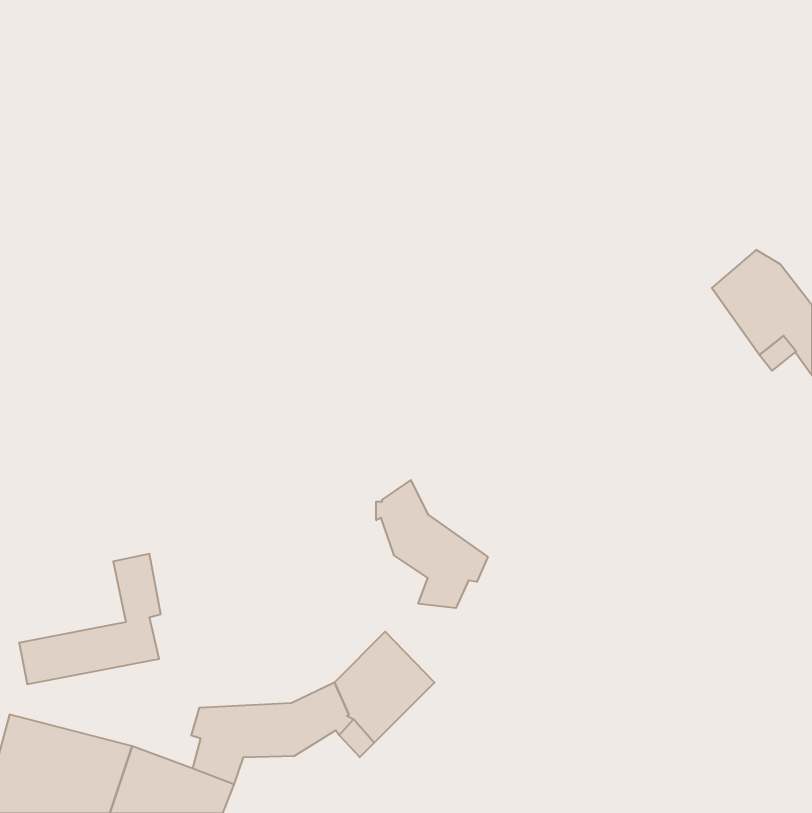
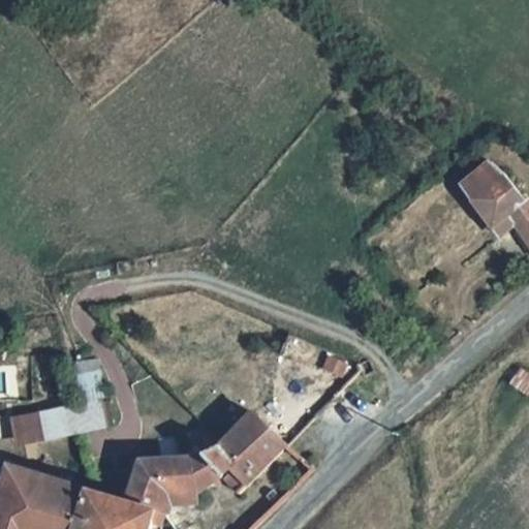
building: [376,480,488,608] -> none

